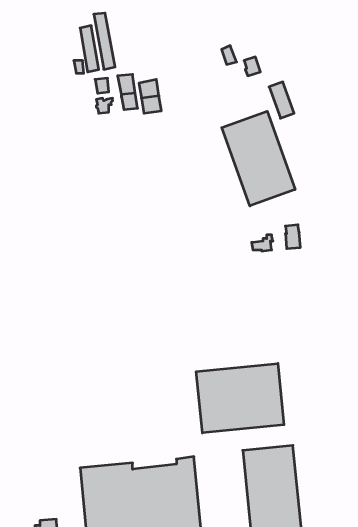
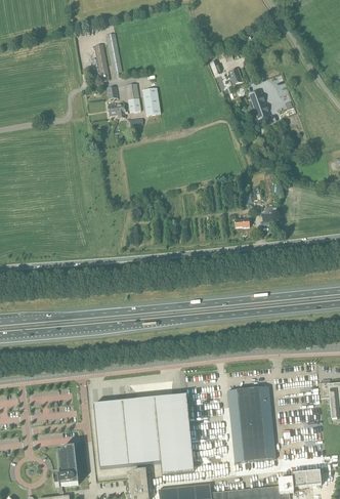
building: [222,111,295,206] -> none
building: [196,363,284,433] -> none

